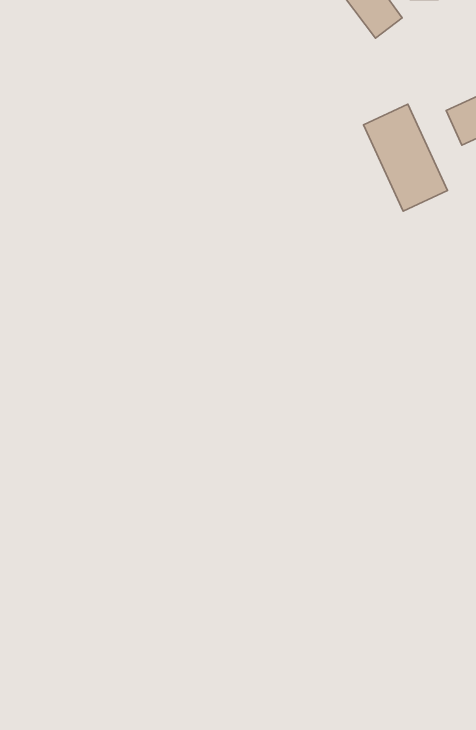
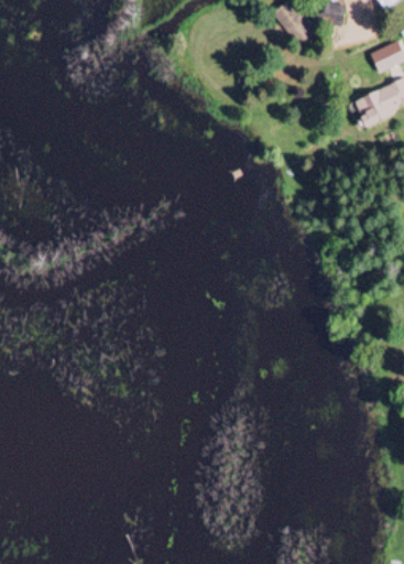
building: [363,104,448,211] -> none

